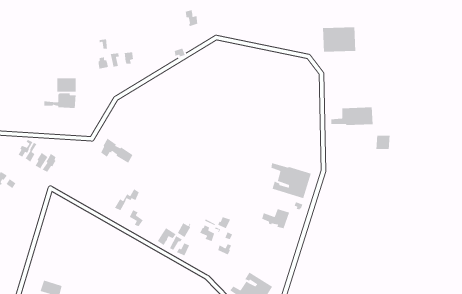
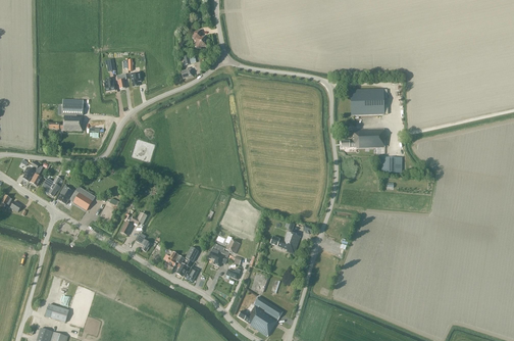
building: [322,26,356,52] -> [350,88,384,114]
building: [100,138,133,164] -> [58,183,92,209]
building: [270,162,312,199] -> none

